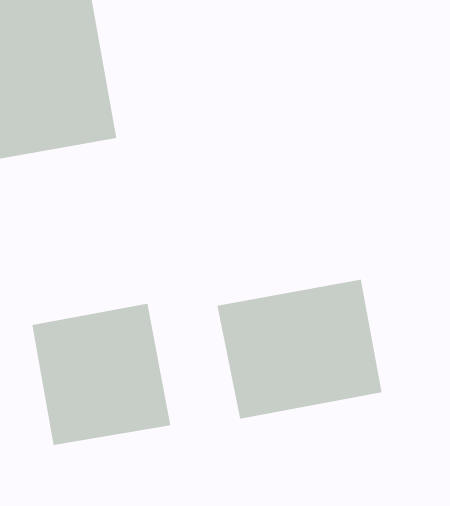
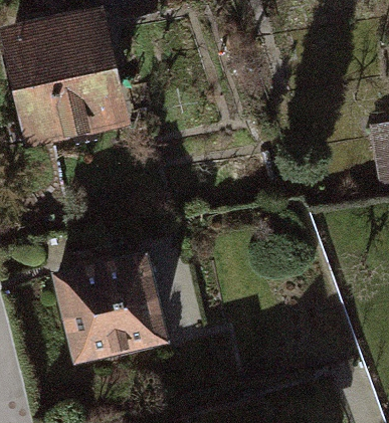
building: [217,279,382,420] -> none

